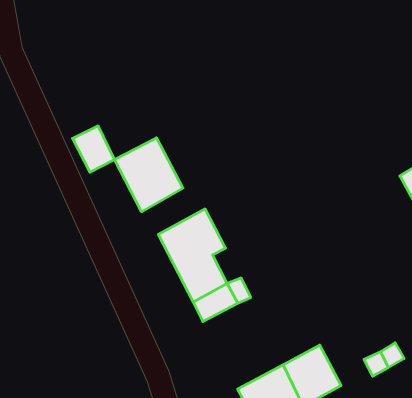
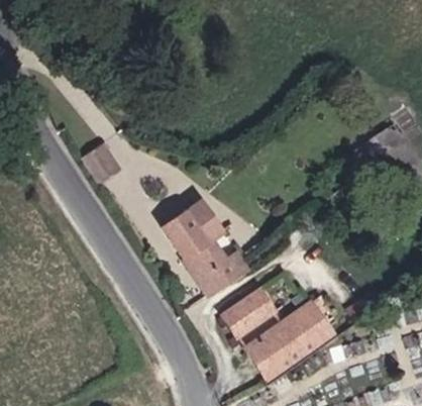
building: [115,138,183,212] -> none
building: none -> [223,288,275,336]

